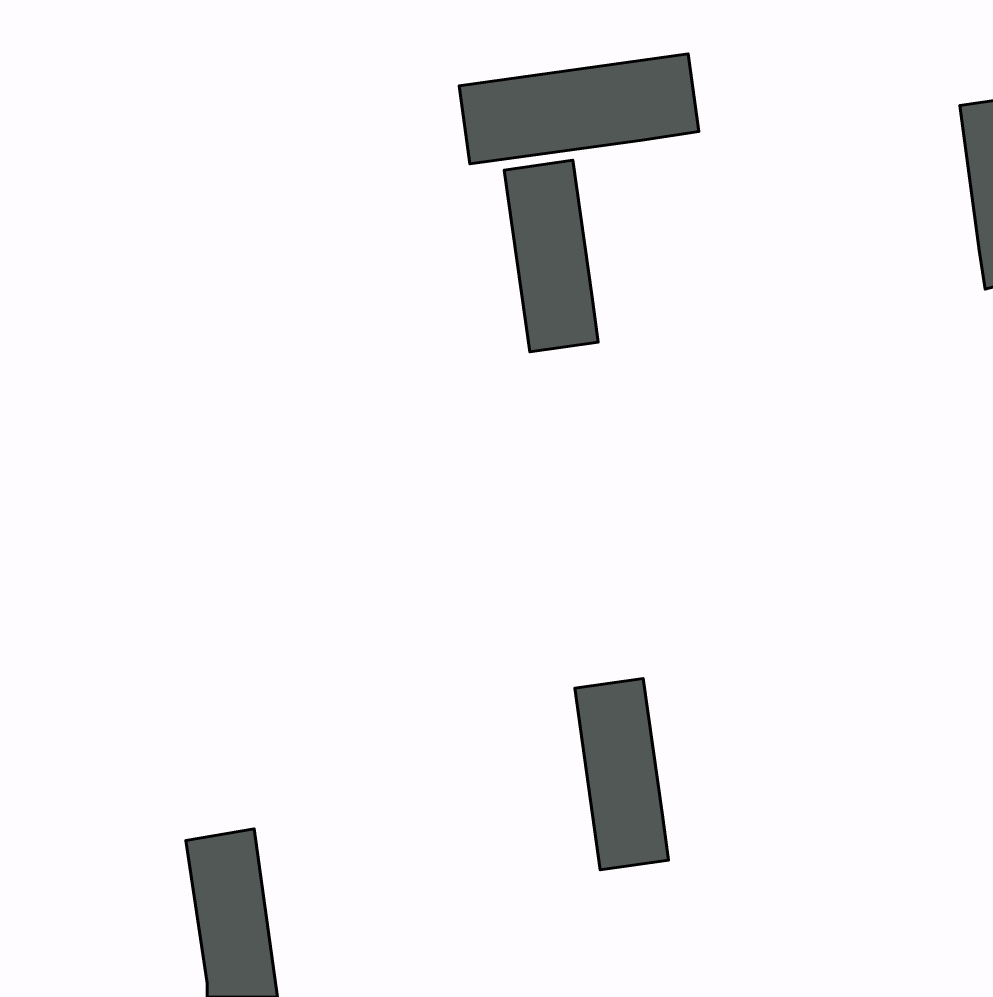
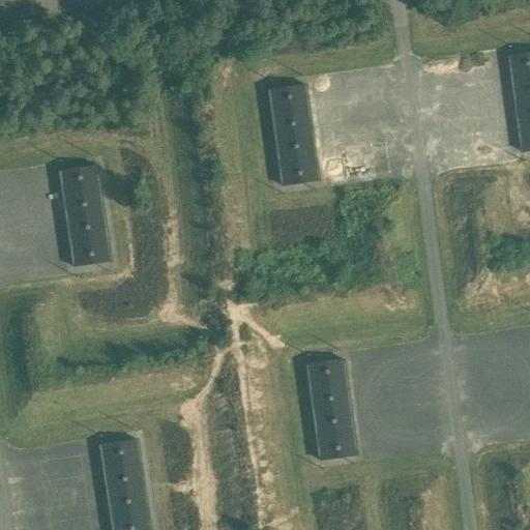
building: [459,54,699,164] -> none
building: none -> [61,166,112,267]

